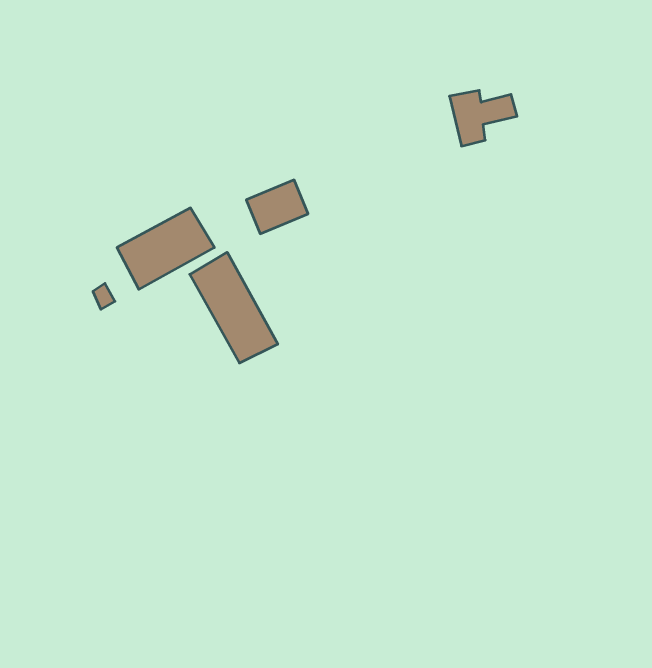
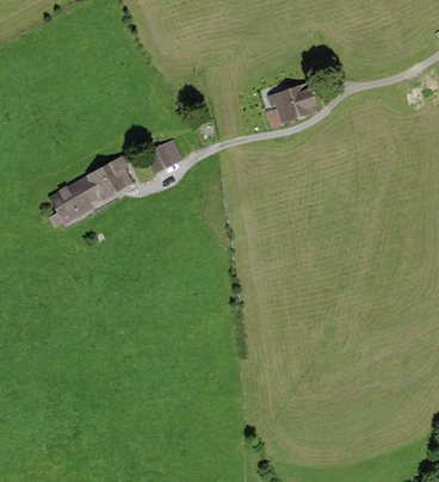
building: [190,252,278,363] -> none

